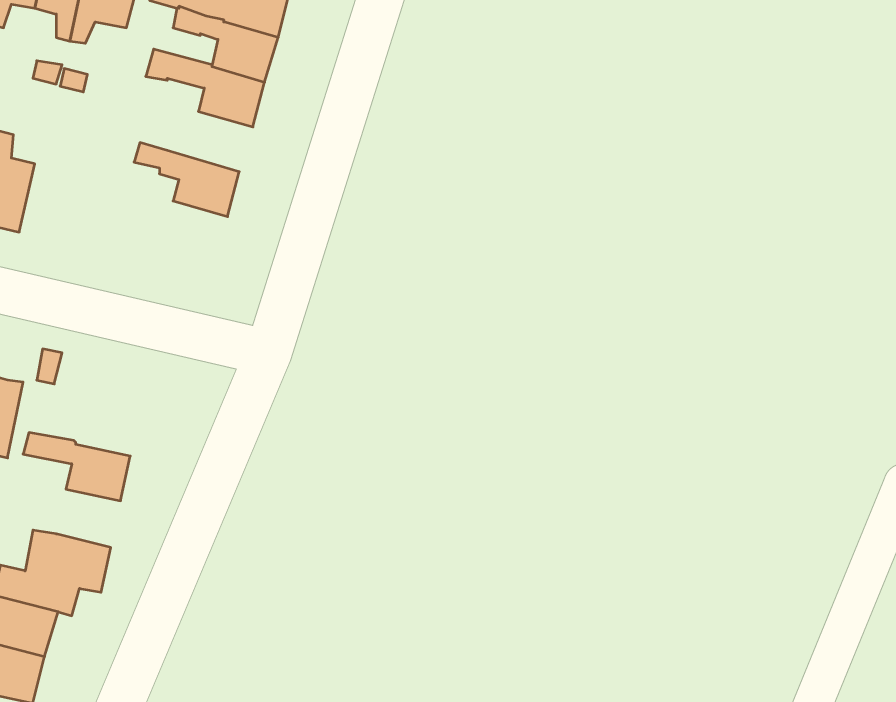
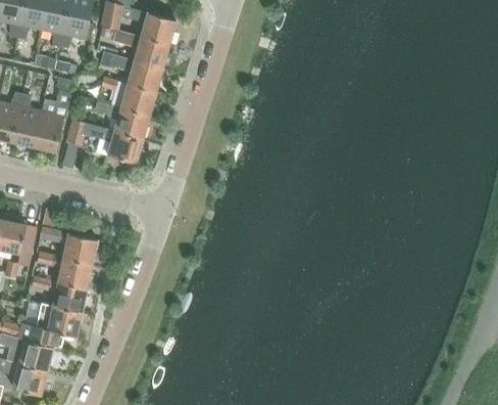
building: none -> [100,76,156,116]
building: none -> [34,79,71,151]
building: none -> [67,119,143,163]
building: none -> [40,227,97,265]
building: none -> [36,278,87,313]

